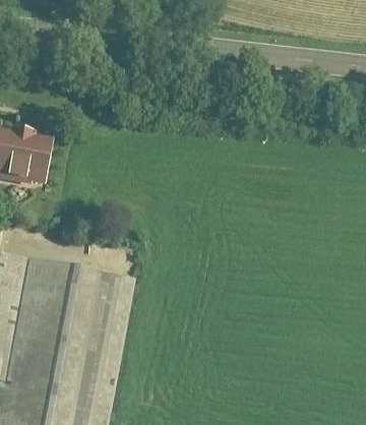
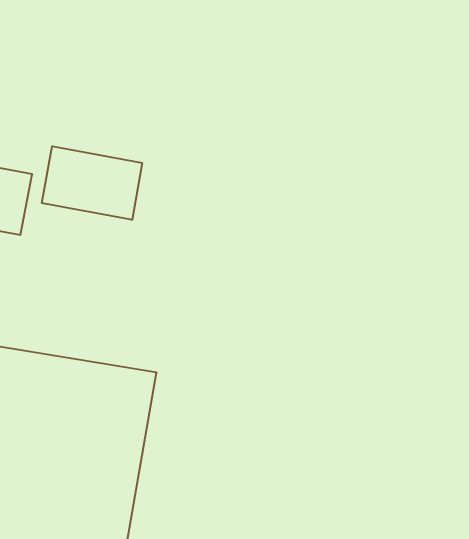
building: none -> [42,146,142,220]

